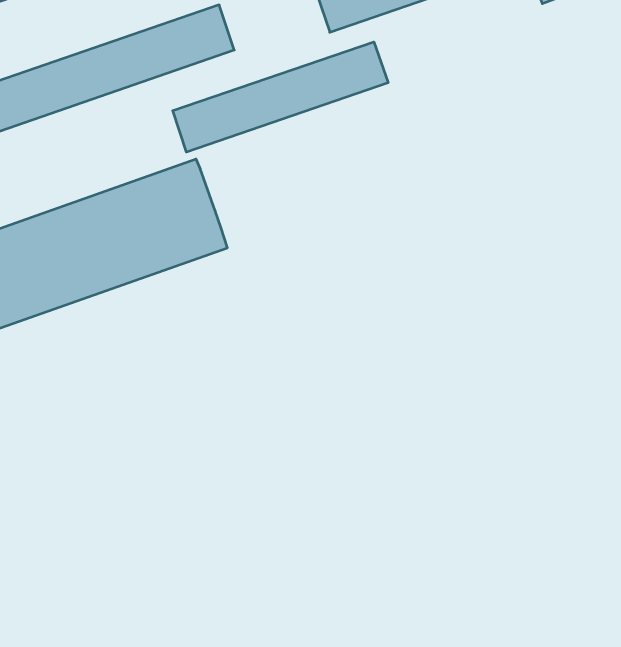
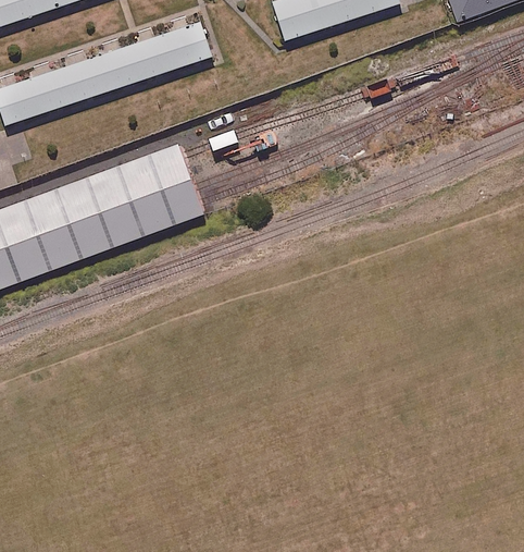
building: [173,42,388,152] -> none

